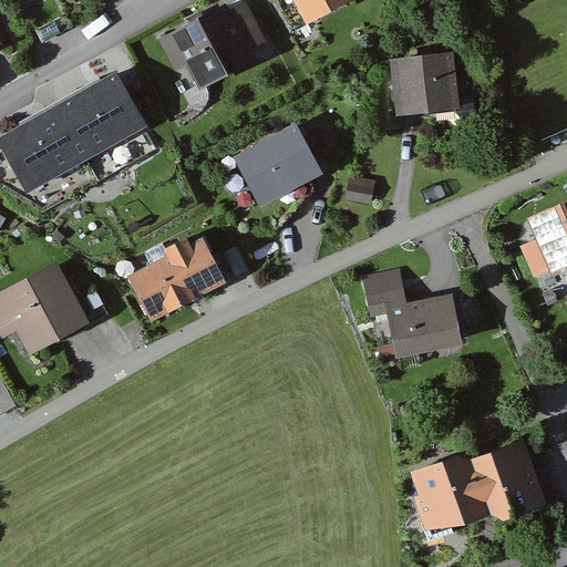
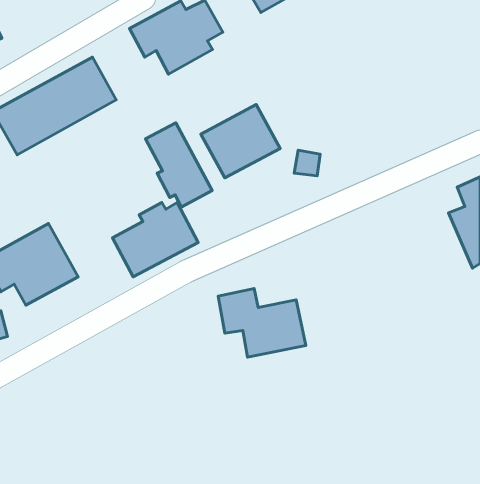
building: [391,51,462,116] -> none
building: none -> [145,123,212,207]
building: [362,282,464,362] -> [218,289,306,357]
building: [411,444,544,533] -> none

